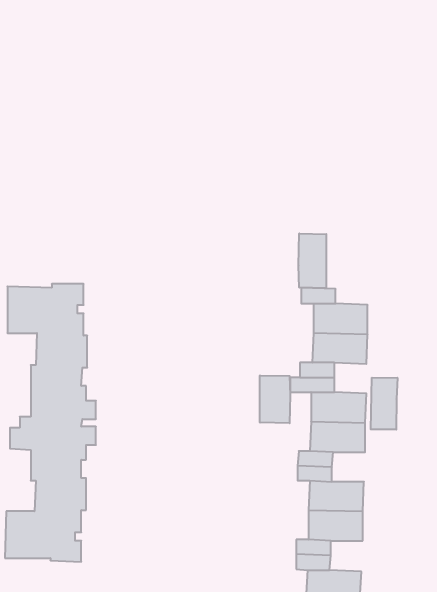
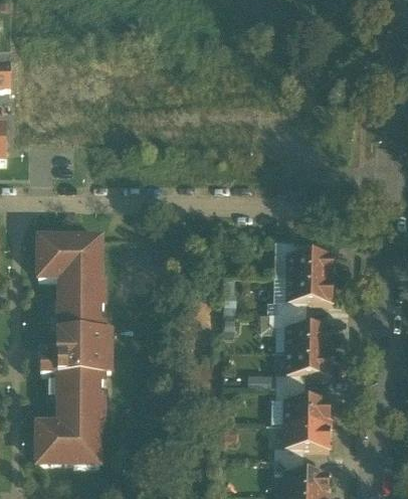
building: [299,233,326,288] -> none
building: [260,375,290,423] -> none
building: [371,378,397,430] -> none

